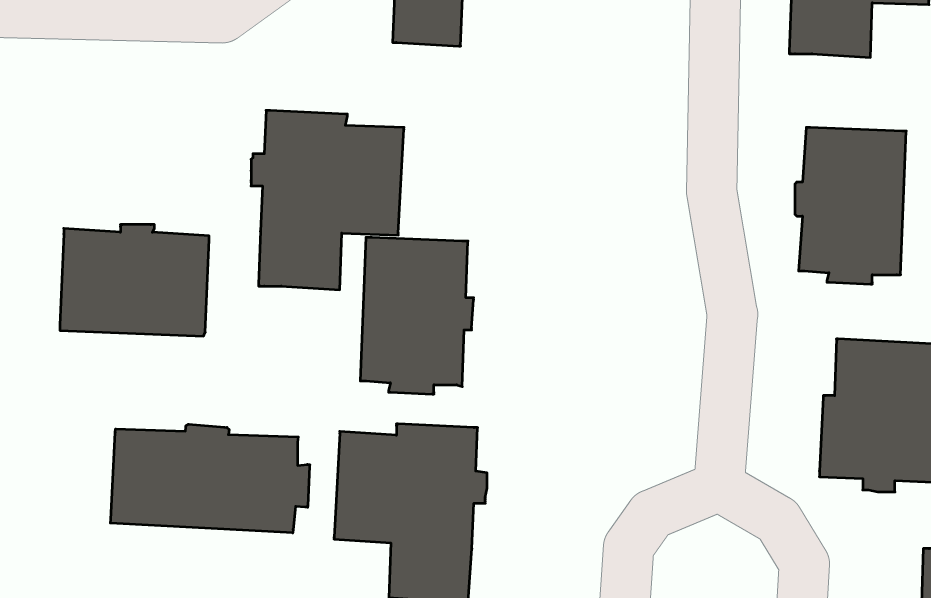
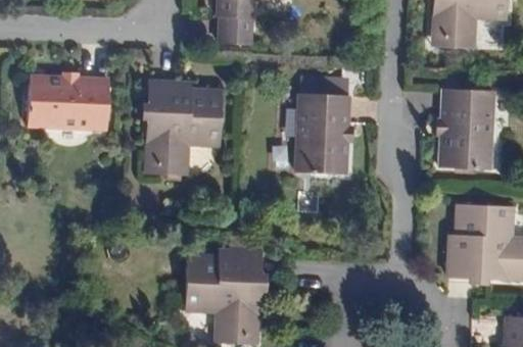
building: [60,225,209,336] -> [28,71,108,132]
building: [360,237,474,394] -> [293,93,354,178]
building: [110,424,310,533] -> none

